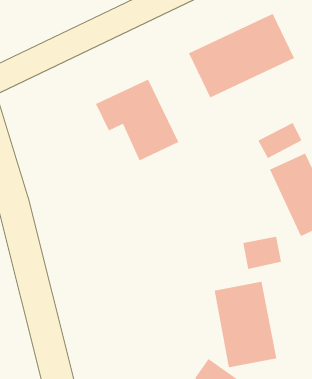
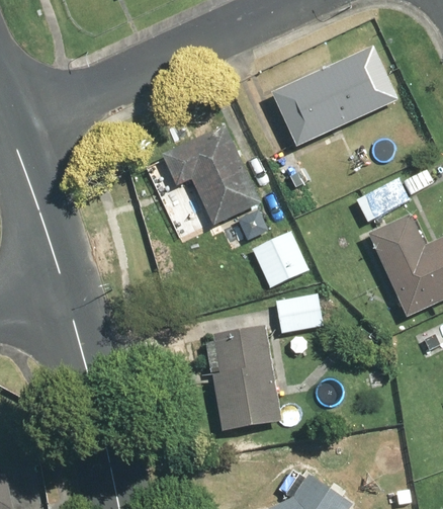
building: none -> [254,233,309,287]
building: [243,236,282,269] -> [277,293,325,334]
building: [214,281,277,368] -> [204,326,281,431]

